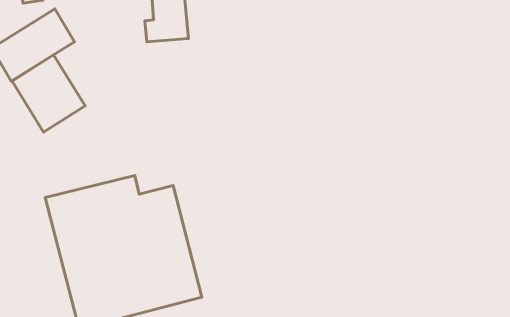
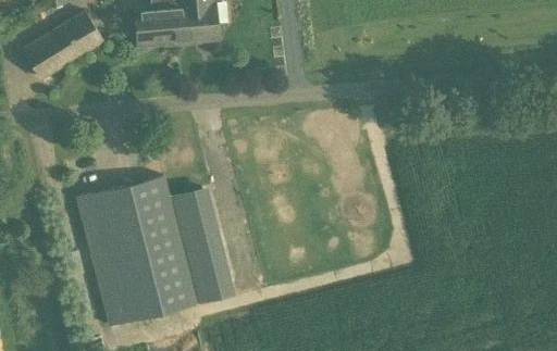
building: none -> [136,5,183,46]
building: [12,55,85,132] -> none

